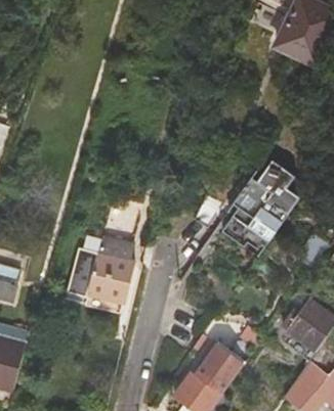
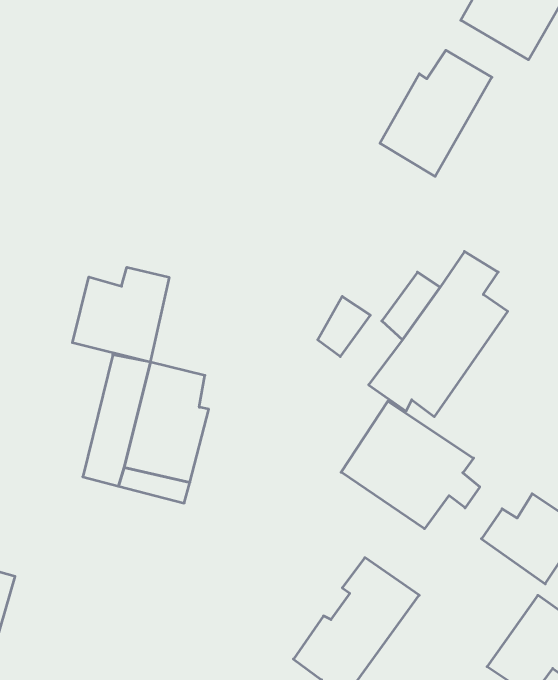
building: none -> [380,50,492,176]
building: none -> [72,267,169,362]
building: none -> [341,401,480,529]

